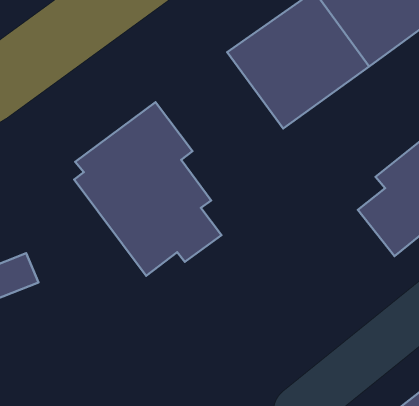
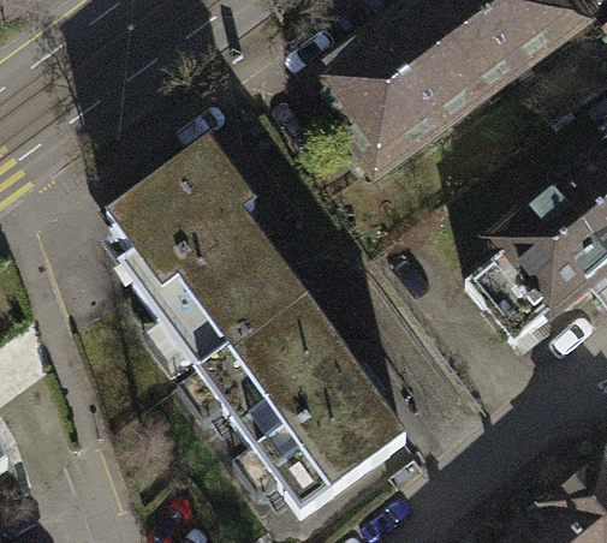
building: none -> [202,302,410,511]

